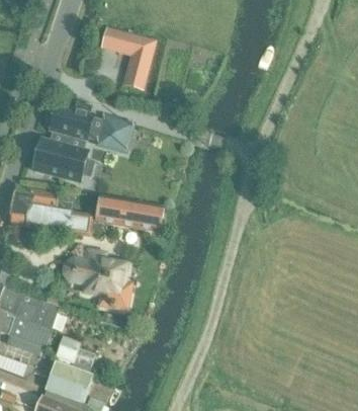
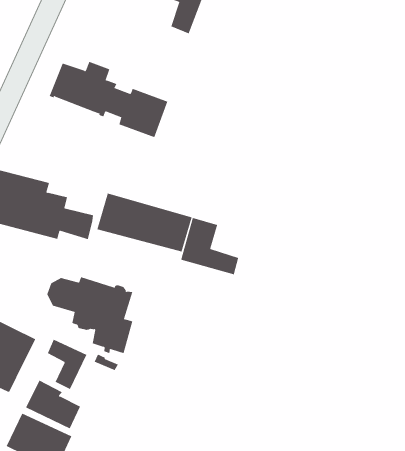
building: [34,130,99,182] -> none
building: none -> [180,217,239,275]
building: none -> [47,339,87,390]

